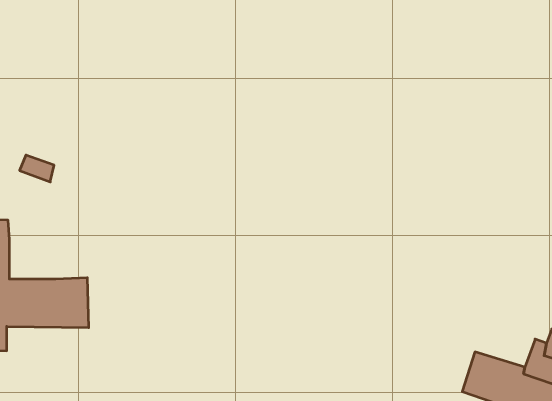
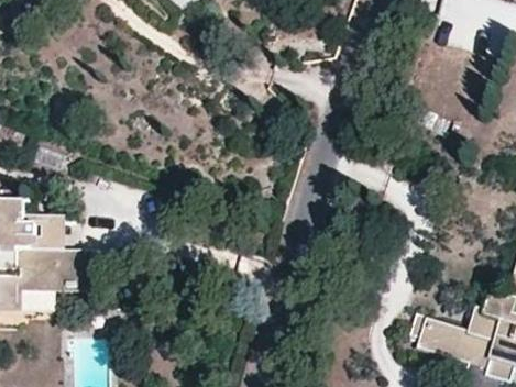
building: none -> [26,213,68,248]

